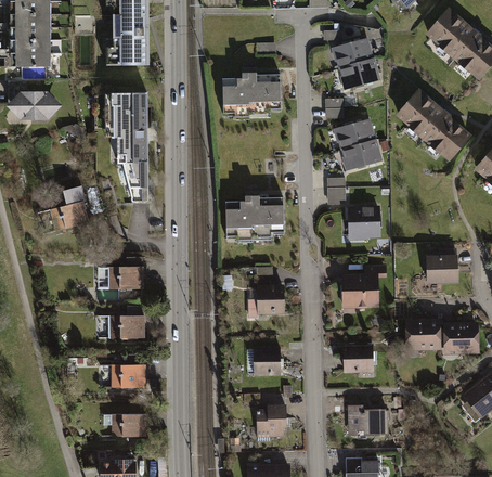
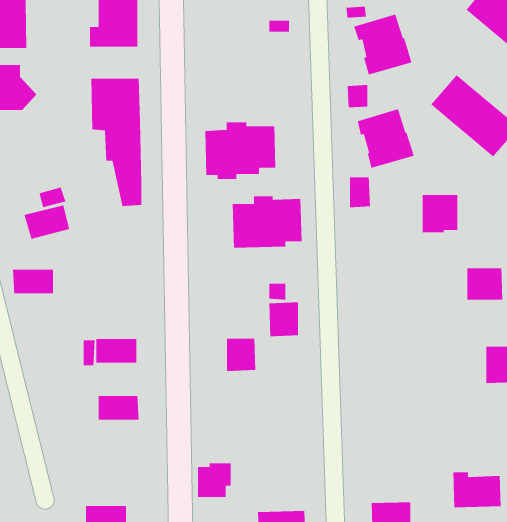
building: [222,69,284,119] -> [204,122,276,180]
building: [348,206,379,240] -> [422,194,458,233]
building: [341,263,385,307] -> none
building: [107,267,143,288] -> [12,269,54,294]
building: [405,317,441,350] -> none
building: [342,344,373,377] -> none
building: [254,346,280,375] -> [226,338,256,372]
building: [347,403,389,435] -> [452,472,502,508]
building: [257,405,286,436] -> [197,462,231,498]
building: [111,413,146,436] -> none

